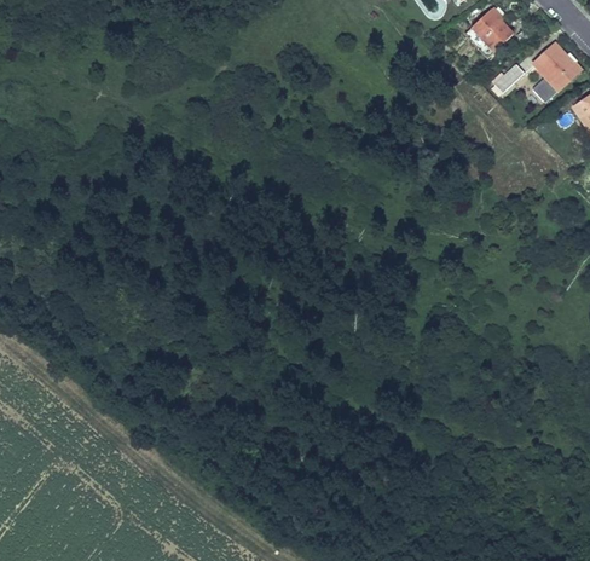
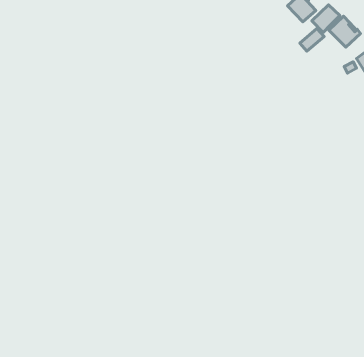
building: none -> [312,5,340,32]

